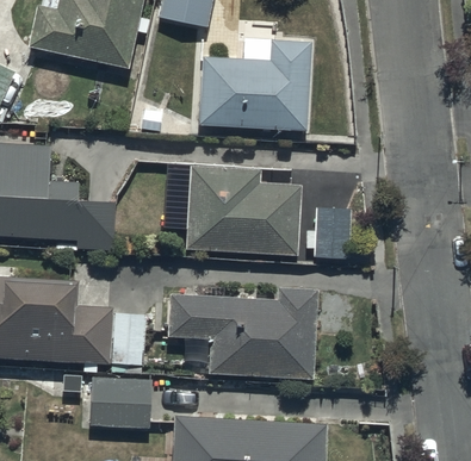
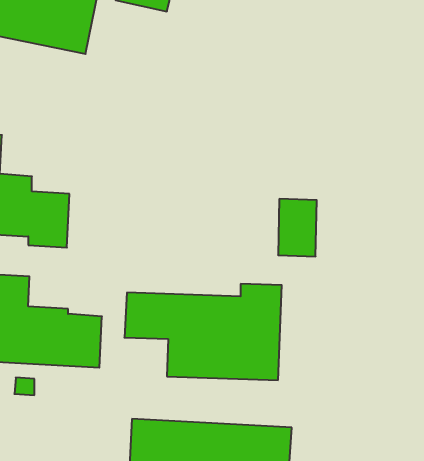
building: [198,38,310,130] -> none
building: [187,166,300,255] -> none
building: [91,374,153,429] -> none

